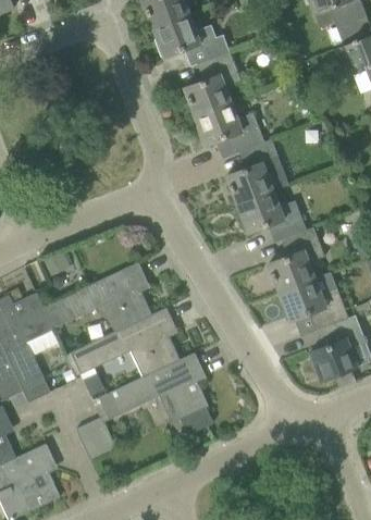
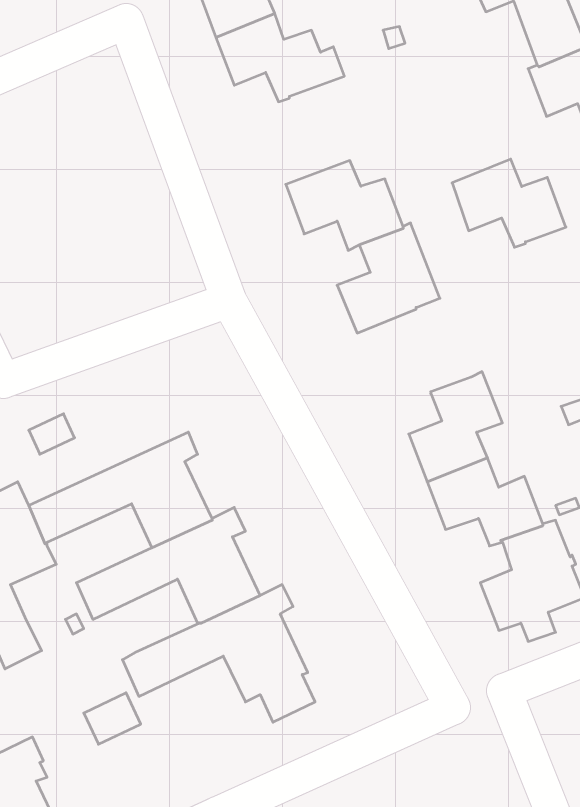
building: [184,52,240,116] -> none
building: [237,190,305,243] -> [452,159,566,247]

